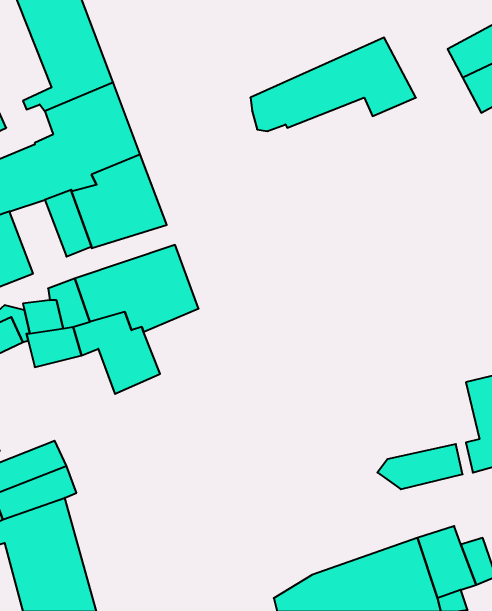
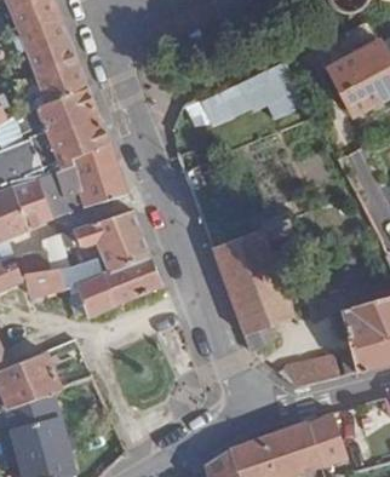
building: none -> [12,177,55,230]
building: none -> [212,219,297,352]
building: none -> [109,255,161,303]

